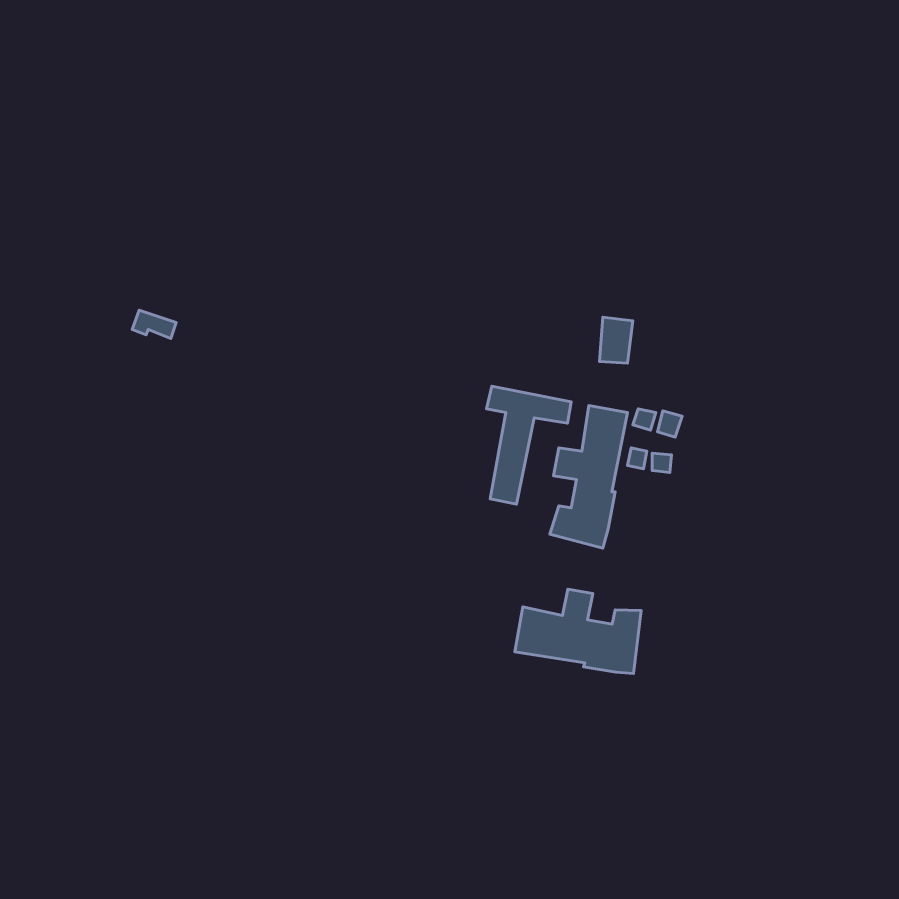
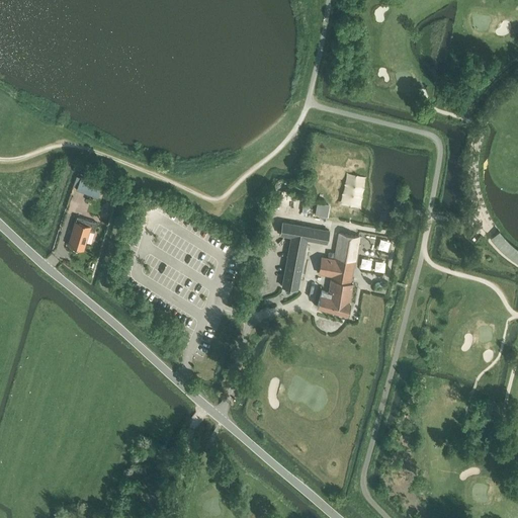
building: none -> [67,218,96,251]
building: [515,589,641,673] -> none

